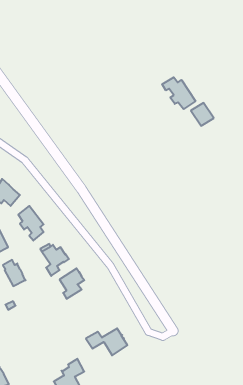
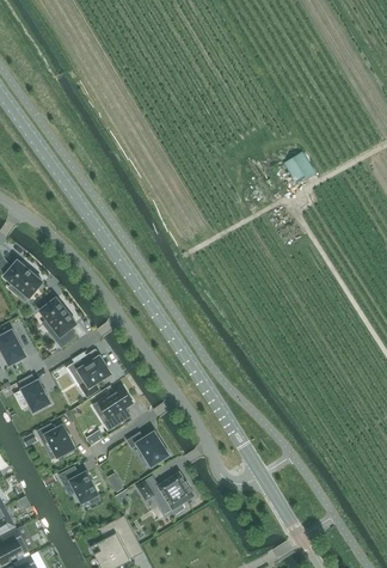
building: [162,77,195,109] -> none
building: none -> [36,425,73,458]
building: none -> [127,433,168,466]
building: none -> [59,468,99,505]

